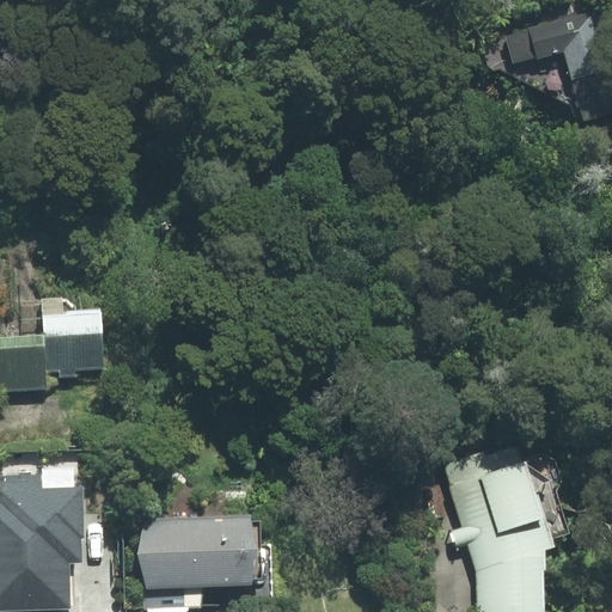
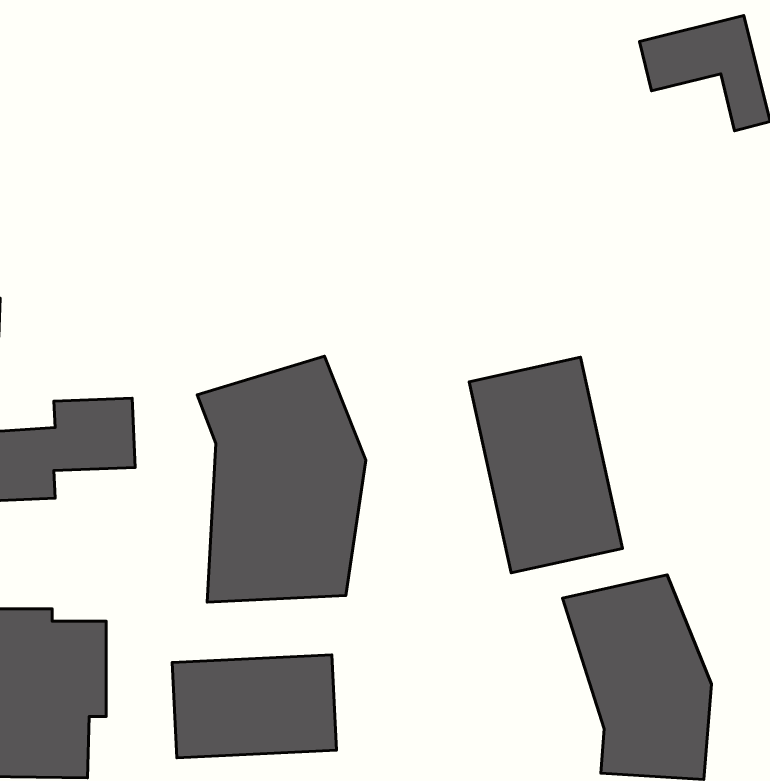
building: none -> [197,356,366,602]
building: none -> [469,357,623,573]

